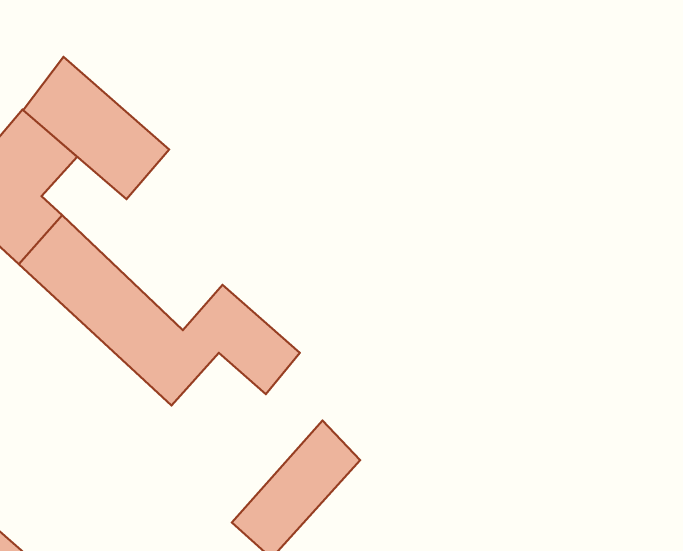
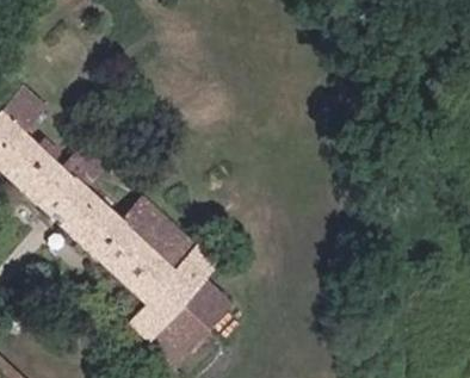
building: [23,57,169,199] -> none
building: none -> [112,240,221,347]

